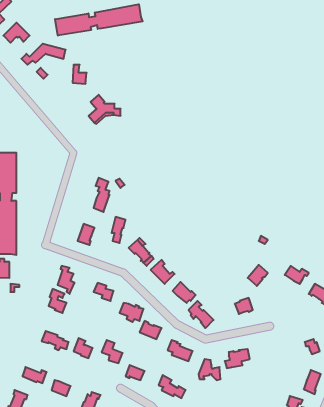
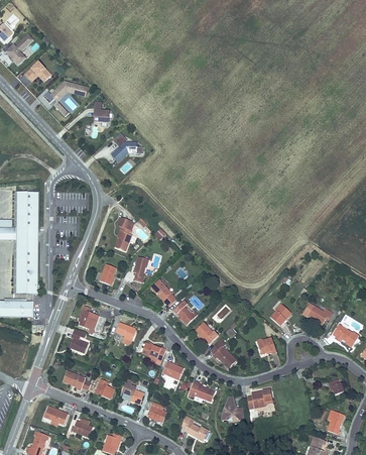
building: [55,4,143,36] -> none

